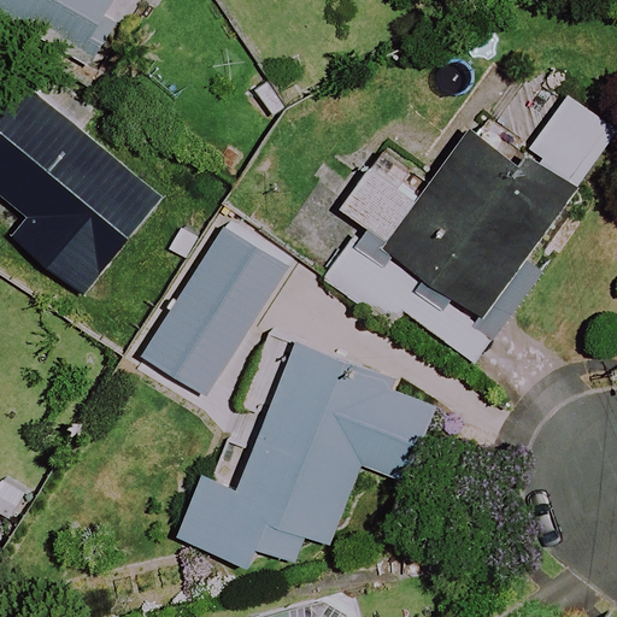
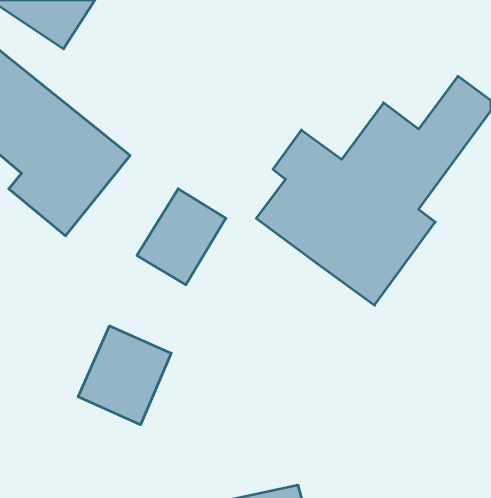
building: [181,337,435,563] -> none
building: none -> [78,326,171,425]

